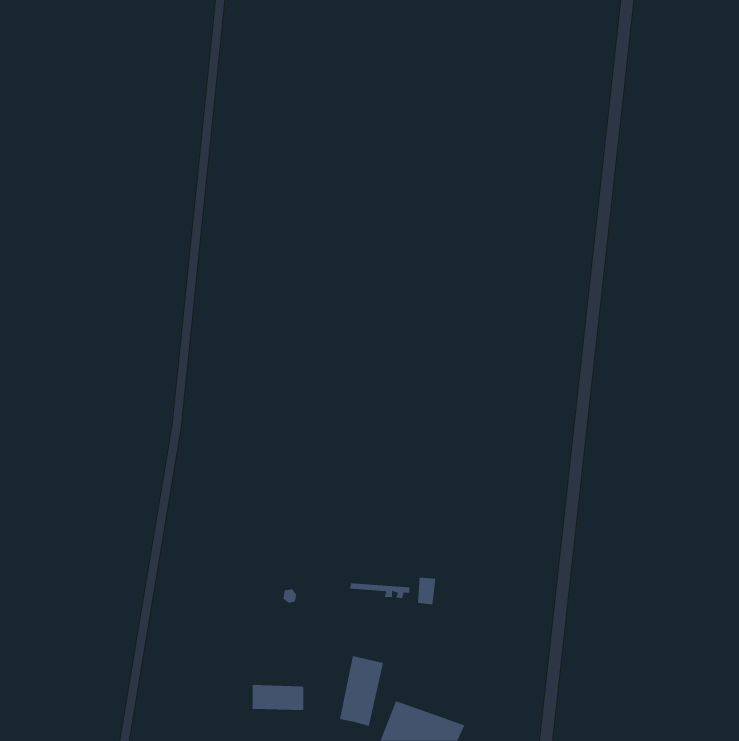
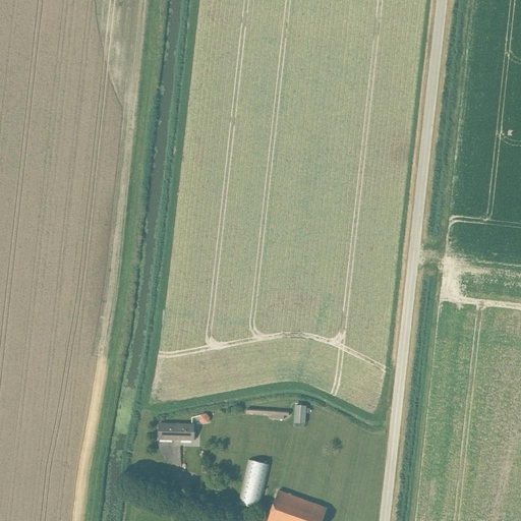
building: [252,685,304,711] -> [158,422,194,441]

